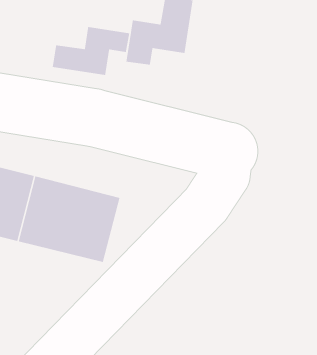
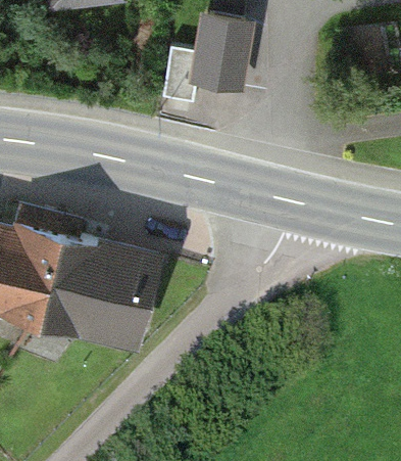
building: [52,26,130,76] -> none

